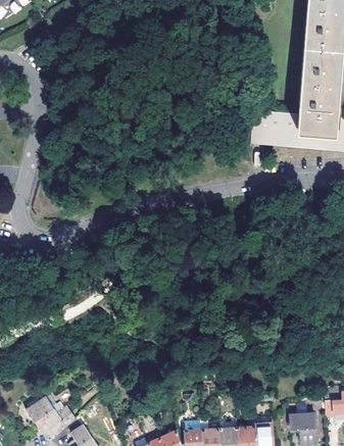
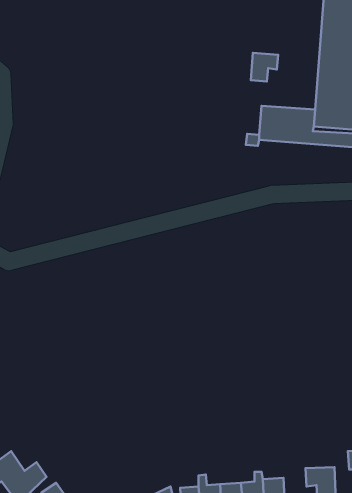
building: none -> [251,53,278,82]

